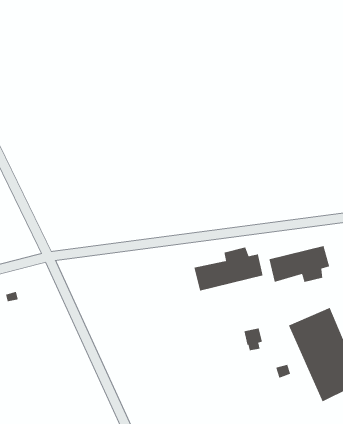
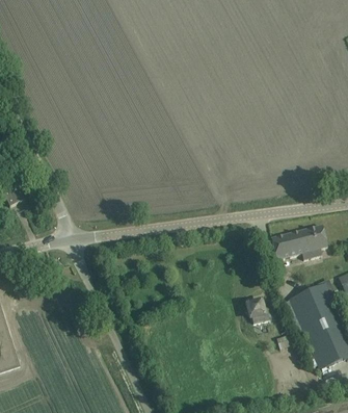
building: [193,247,263,292] -> none

